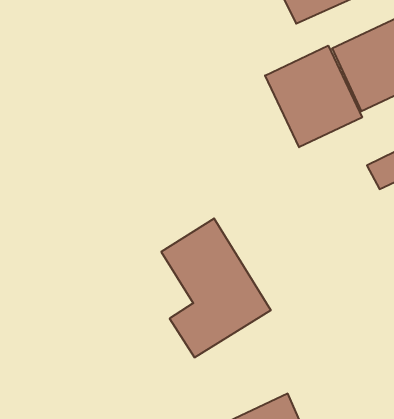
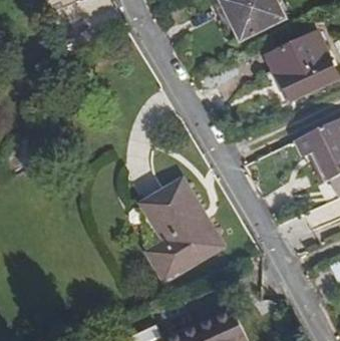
building: [265,46,362,147] -> none

